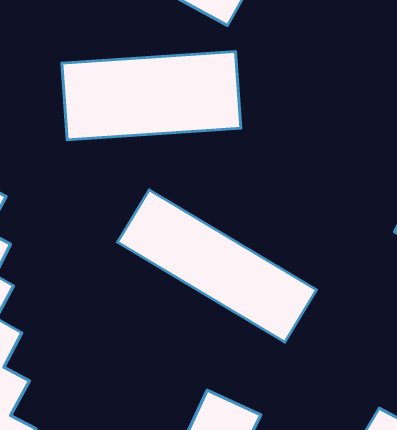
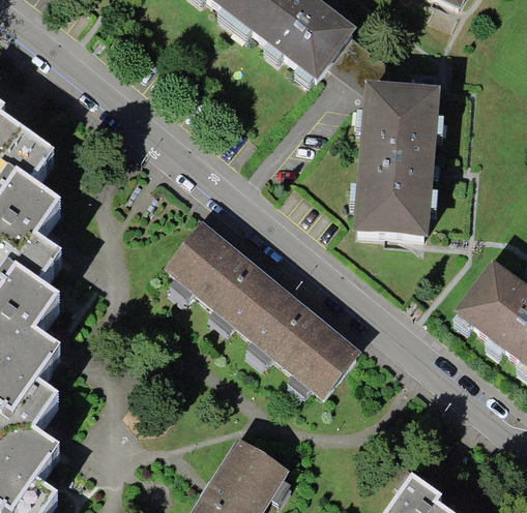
building: none -> [353,85,438,233]
building: [62,52,241,140] -> none

